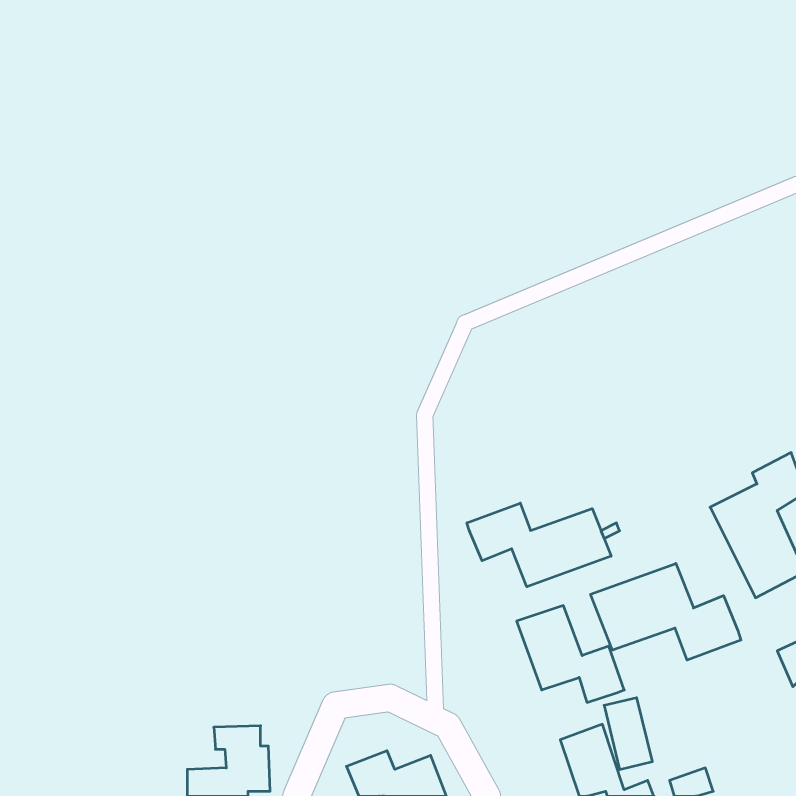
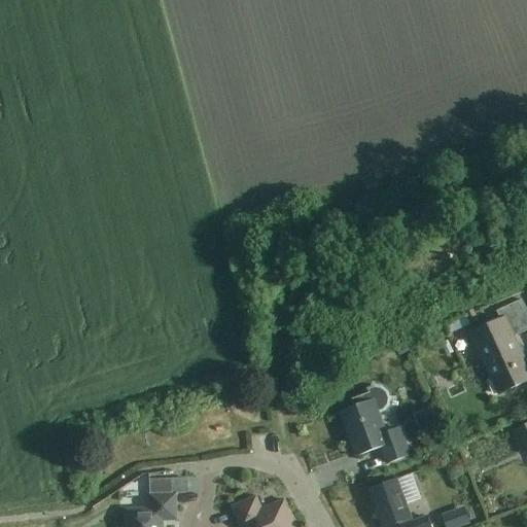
building: [467,503,611,587] -> none
building: [591,563,741,660] -> none

